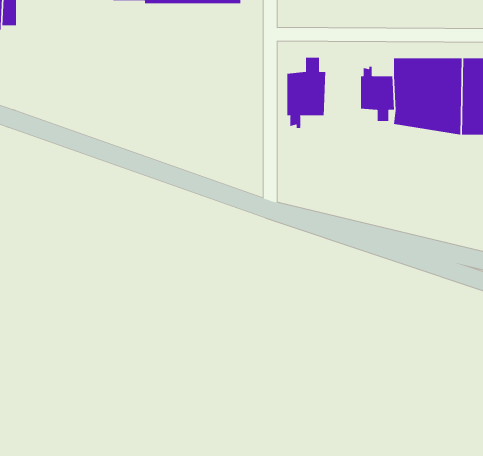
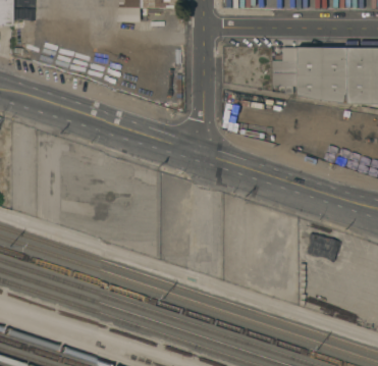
building: [287,57,326,129] -> none

